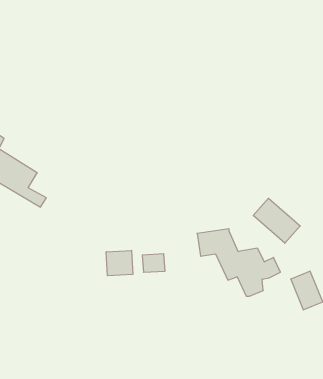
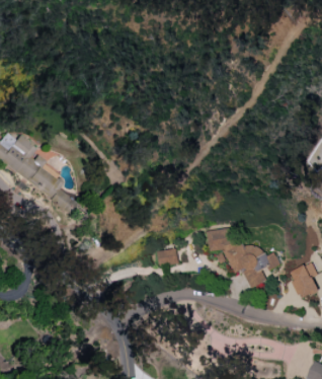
building: [253,198,300,243] -> none
building: [106,250,133,276] -> none

